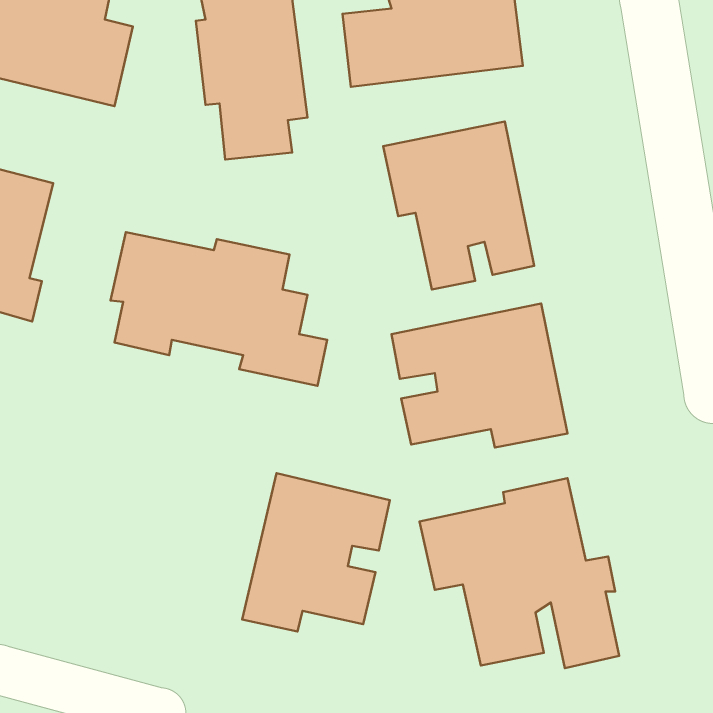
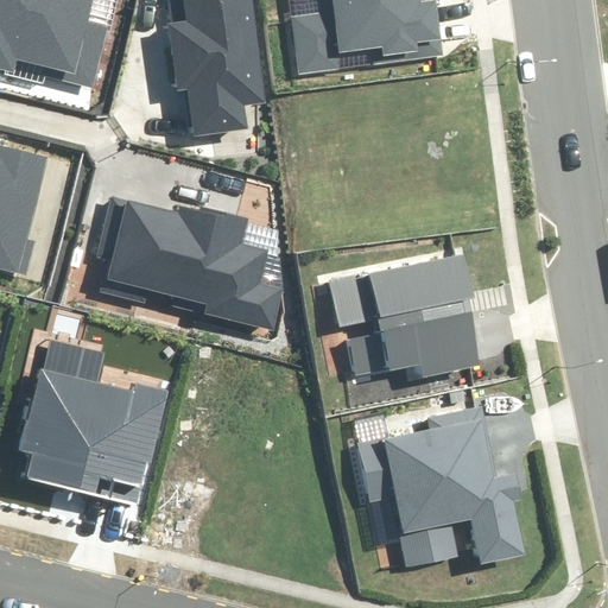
building: [383,121,534,289] -> none
building: none -> [18,334,170,504]
building: [242,473,390,631] -> none

